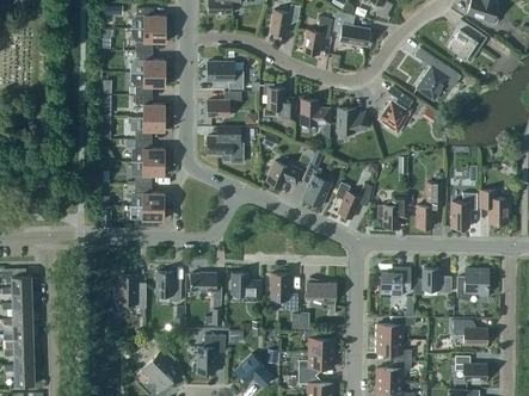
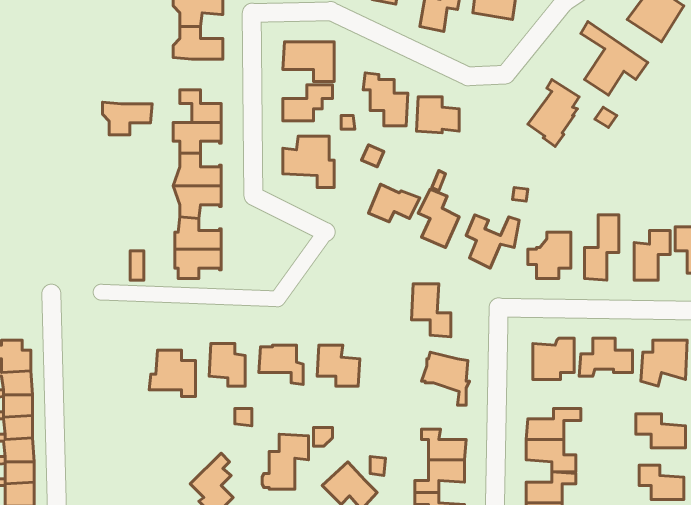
building: [130,73,165,95] -> [102,102,152,135]
building: [337,109,370,132] -> none
building: [270,274,297,311] -> [411,284,451,337]

